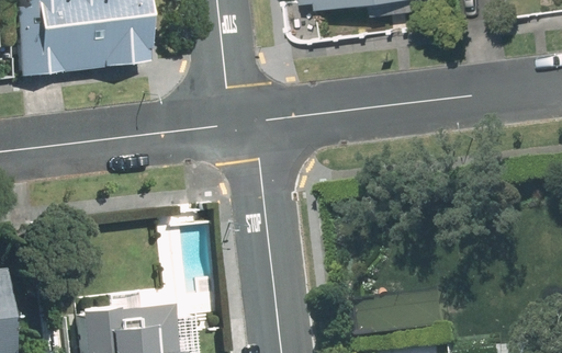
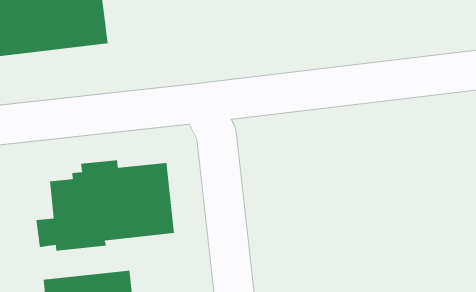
building: none -> [36,160,174,252]

